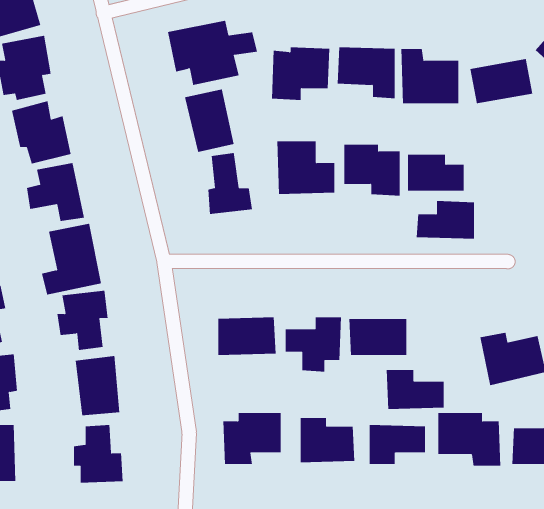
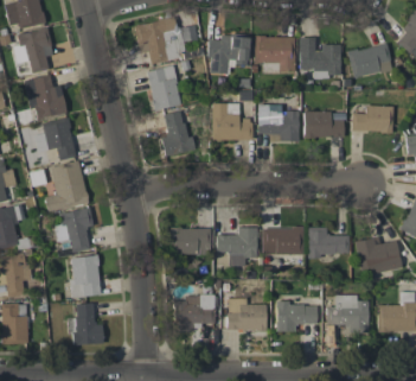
building: [416,201,475,239] -> [351,104,392,132]
building: [386,369,444,410] -> [307,227,348,255]

